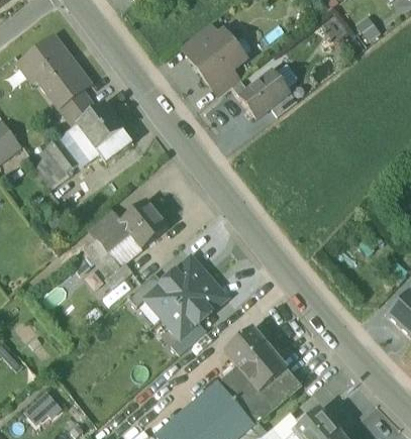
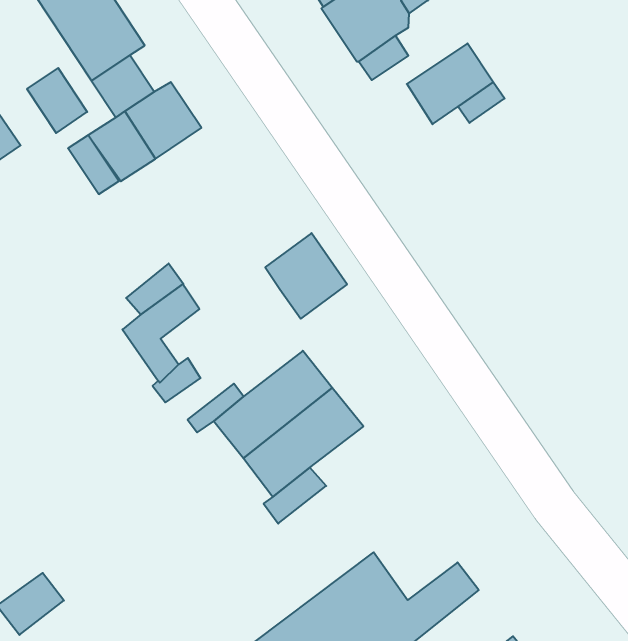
building: [98,128,133,160] -> none
building: [31,145,67,183] -> [27,68,87,133]
building: [119,199,167,248] -> [265,233,347,319]
building: [223,327,285,392] -> none

